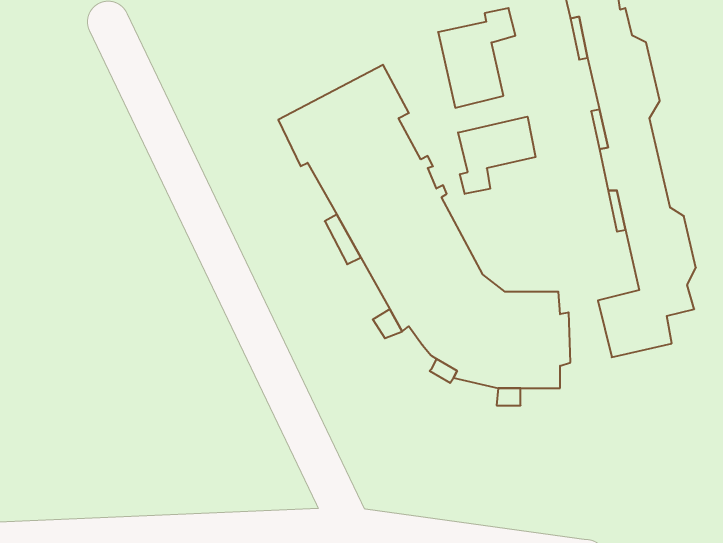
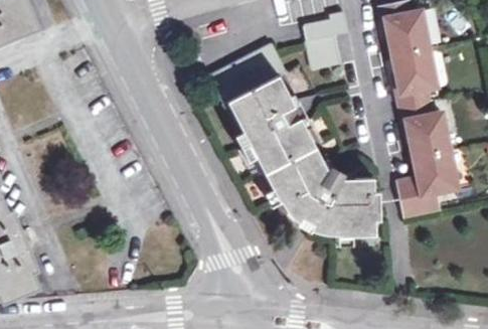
building: [458,117,536,194] -> none

